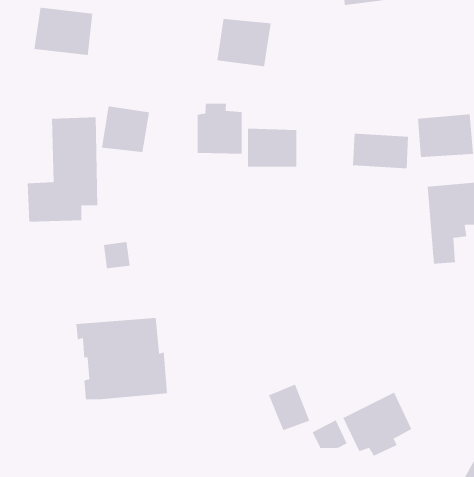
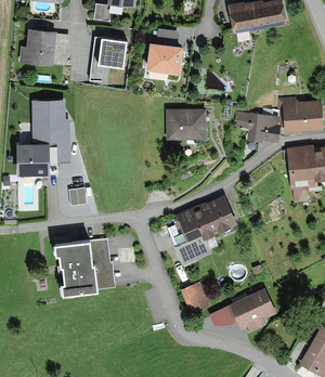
building: [197,103,242,155] -> none
building: [101,106,150,153] -> [94,37,127,68]
building: none -> [176,197,232,258]

